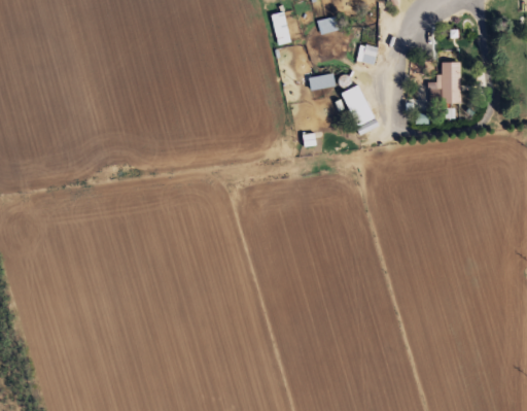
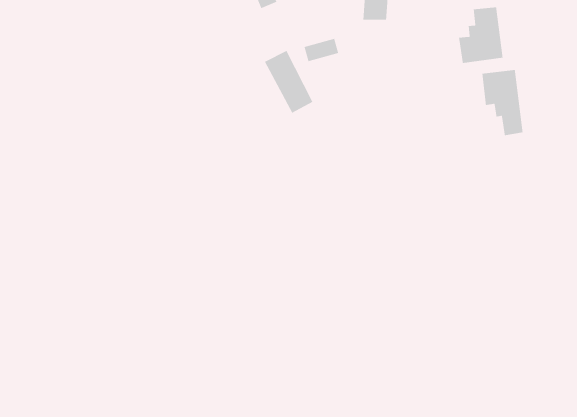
building: [342,84,377,134] -> [264,50,314,114]
building: none -> [482,69,524,136]

